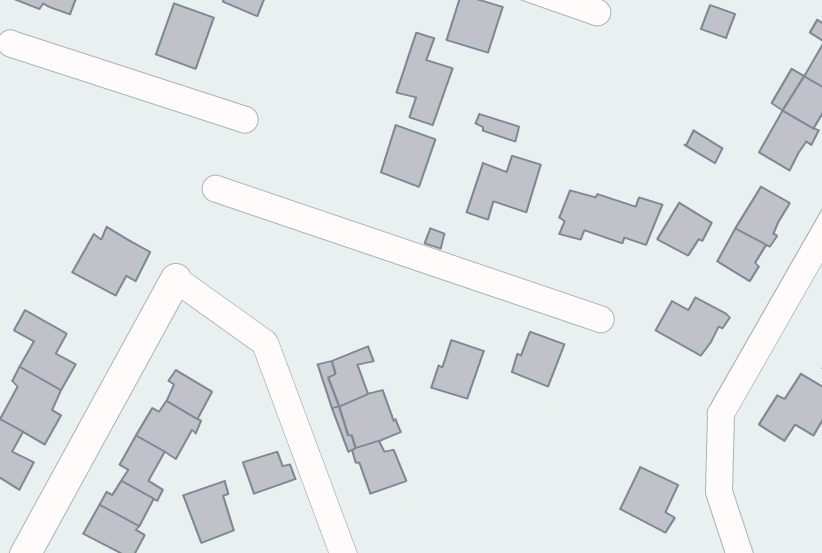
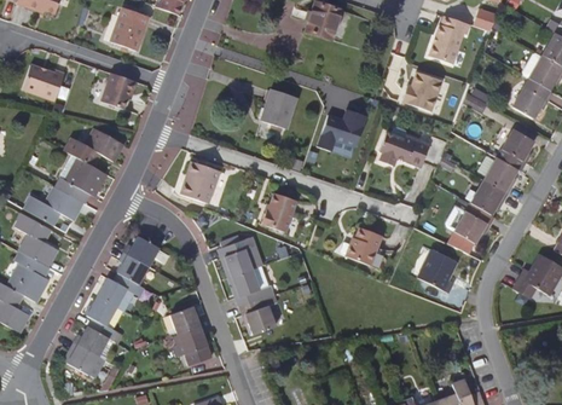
building: none -> [429,16,470,63]
building: [397,33,452,125] -> none
building: none -> [21,66,63,102]
building: none -> [402,71,442,111]
building: none -> [100,75,135,111]
building: none -> [66,127,124,166]
building: [657,203,712,255] -> [470,179,506,214]
building: none -> [184,160,222,202]
building: none -> [27,186,85,224]
building: [431,340,484,398] -> [263,192,299,231]
building: none -> [124,235,169,266]
building: [620,467,678,532] -> [418,249,457,293]
building: [183,481,234,543] -> [176,324,210,365]

